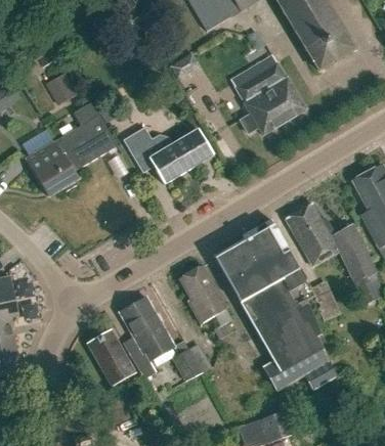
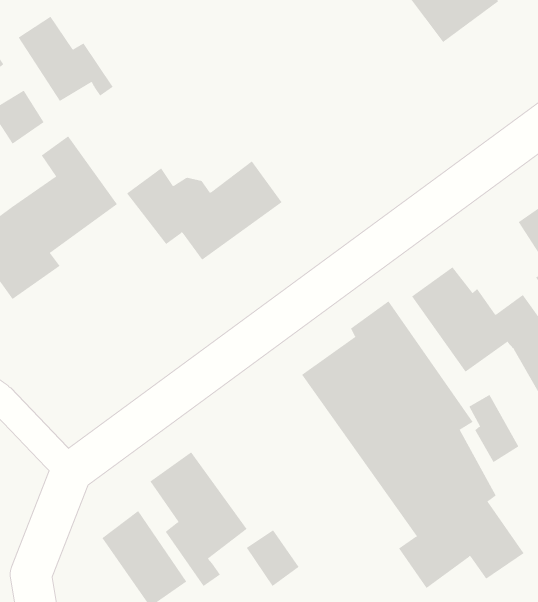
building: none -> [18,16,114,102]
building: [230,54,306,134] -> none
building: [179,265,233,339] -> none

